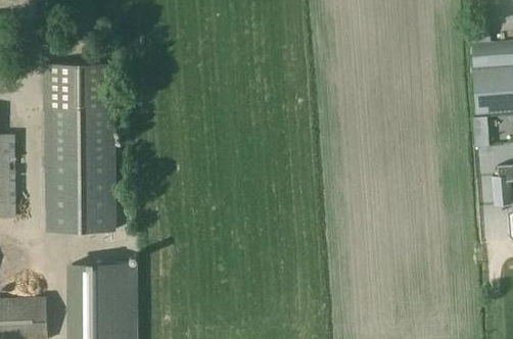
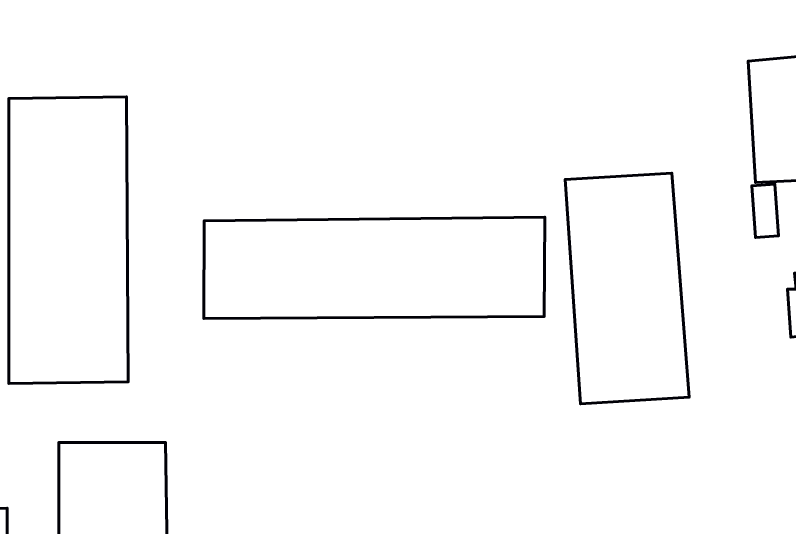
building: none -> [565,173,689,404]
building: none -> [204,217,545,319]

